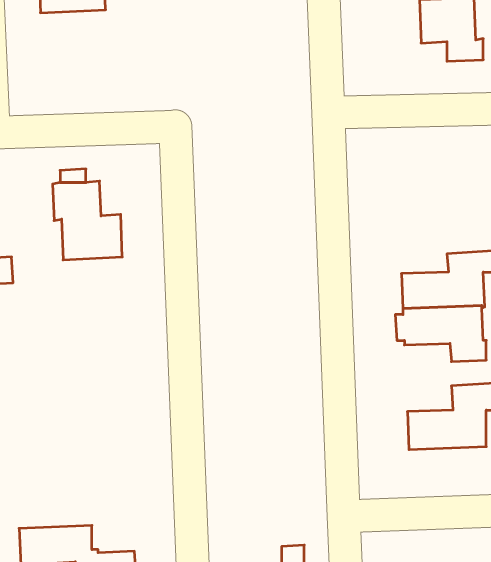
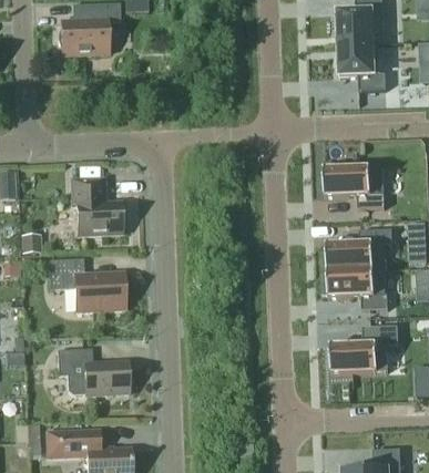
building: none -> [323,162,384,207]
building: none -> [48,257,124,310]
building: none -> [57,347,127,393]

